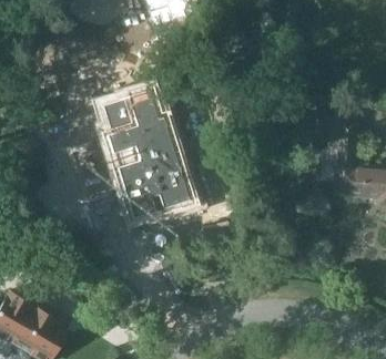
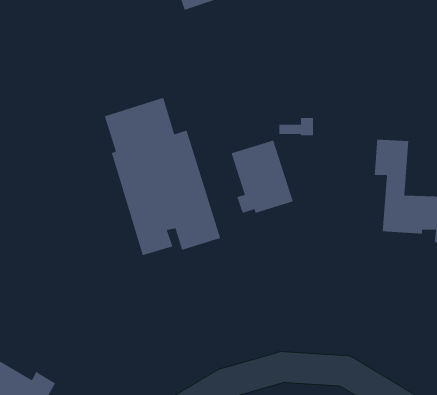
building: none -> [230,140,294,214]

